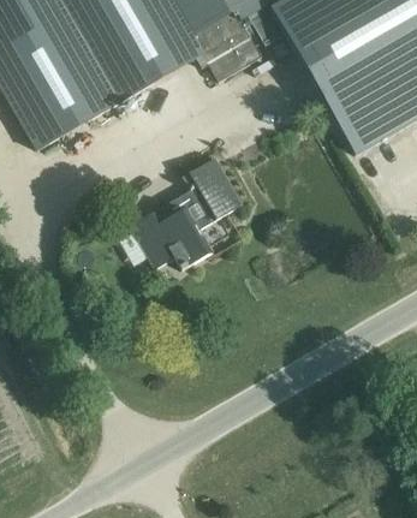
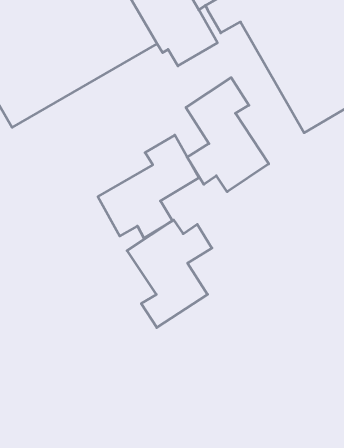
building: none -> [186,78,269,192]
building: none -> [127,220,212,328]

